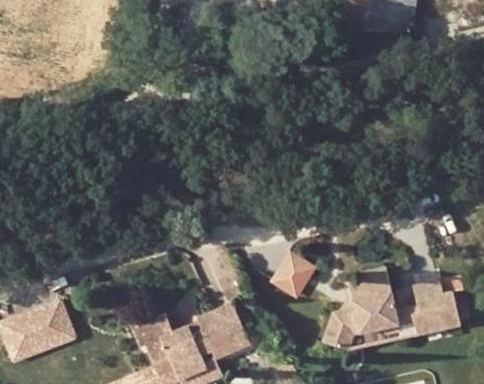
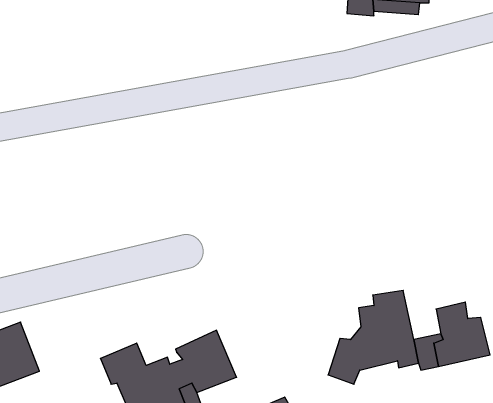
building: [270,250,317,299] -> none

